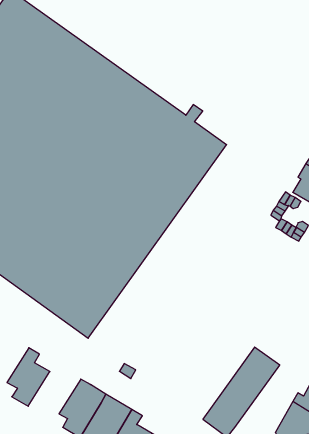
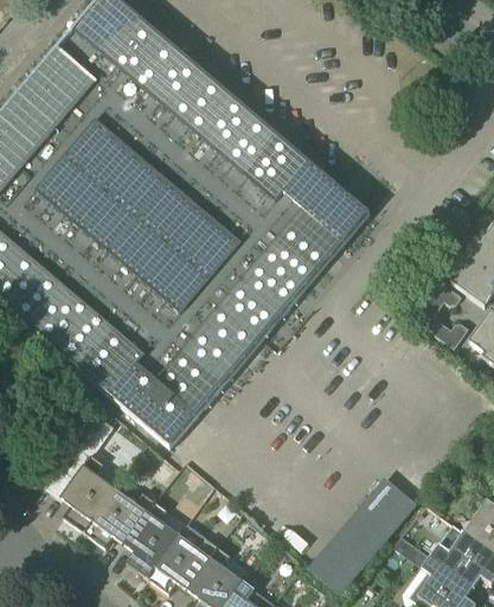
building: none -> [84,487,155,545]

